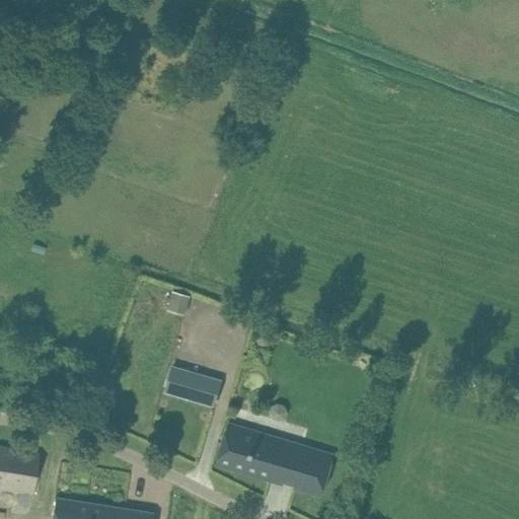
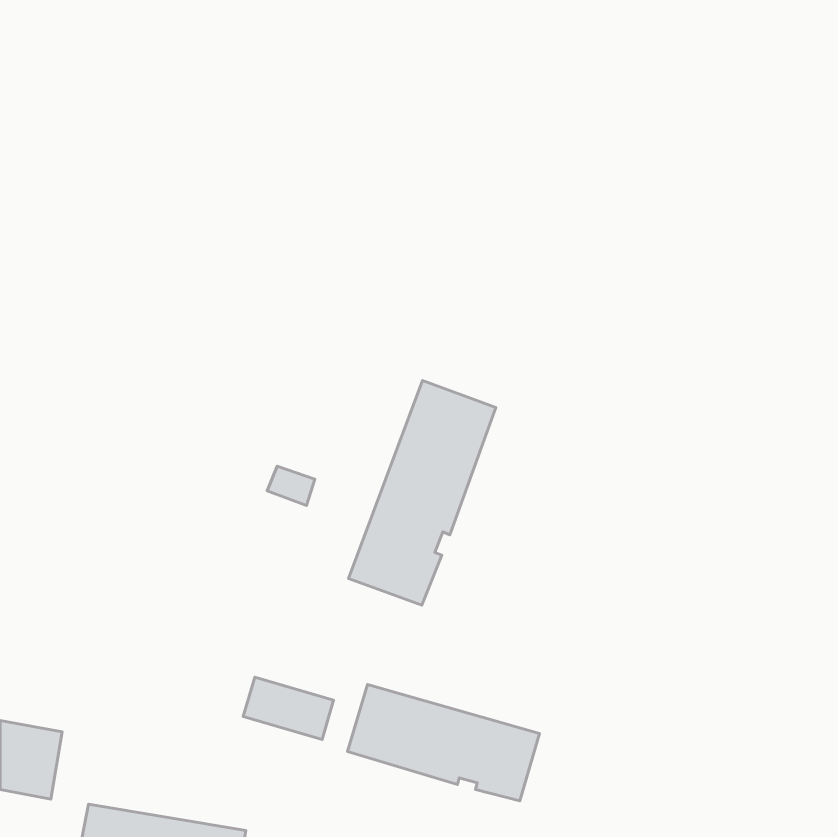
building: none -> [349,381,496,605]
building: [164,368,220,406] -> [243,677,333,739]

